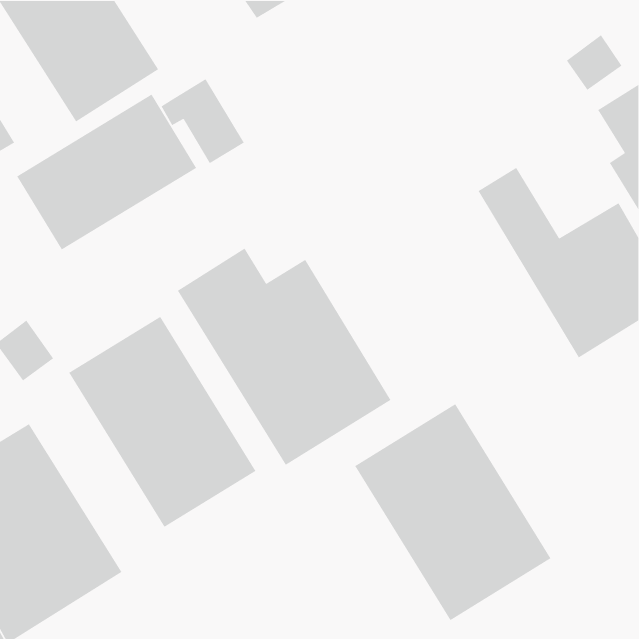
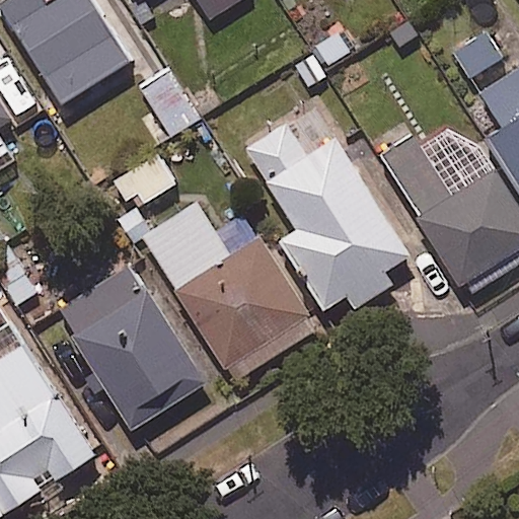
building: [16,94,197,251] -> none
building: none -> [247,124,407,309]
building: [354,403,552,621] -> none

